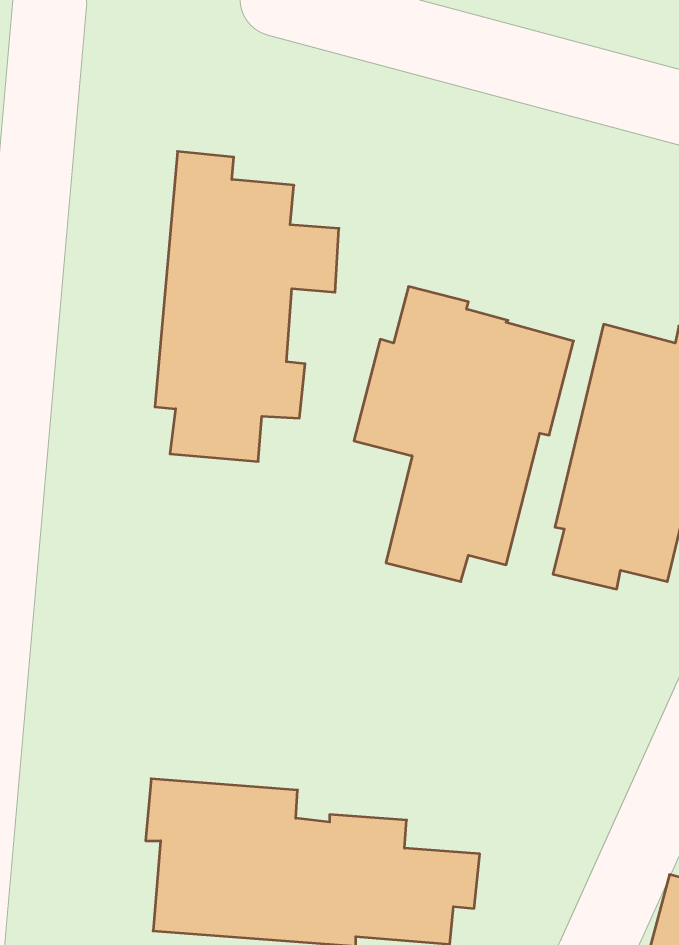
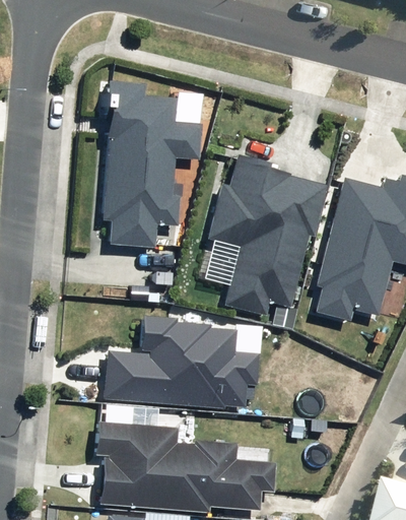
building: none -> [105,314,260,407]

